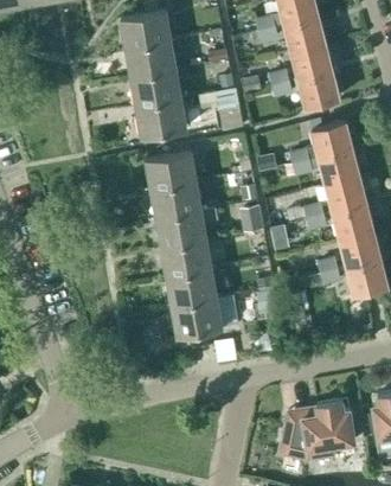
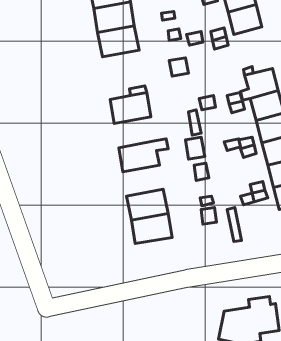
building: [297,70,339,107] -> none
building: [136,98,186,136] -> none
building: [150,180,200,218] -> none
building: [161,239,211,277] -> none

